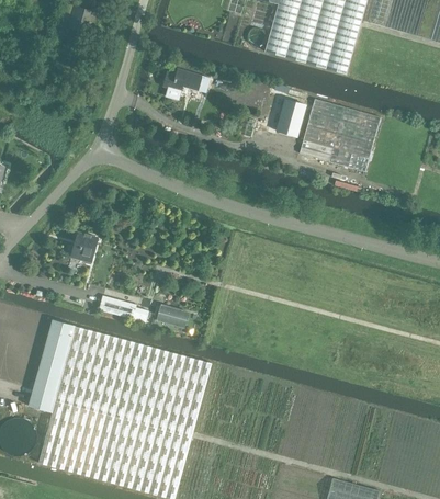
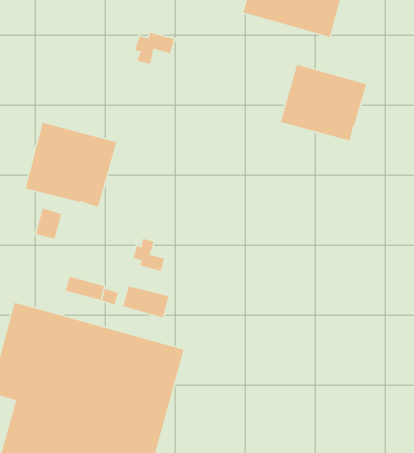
building: [275,98,306,136] -> none
building: none -> [25,122,117,208]
building: none -> [133,238,165,272]

